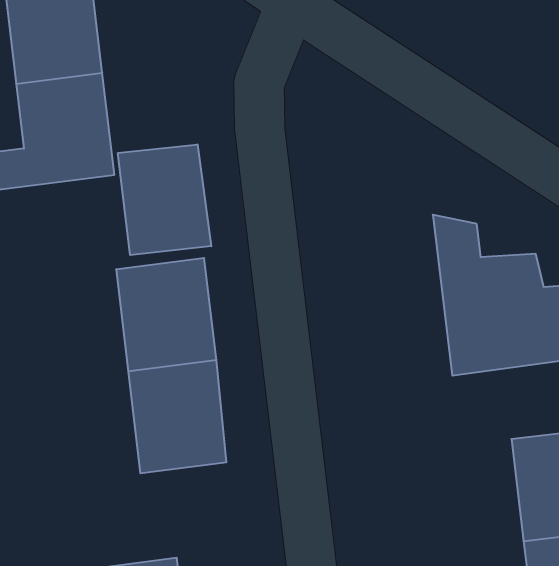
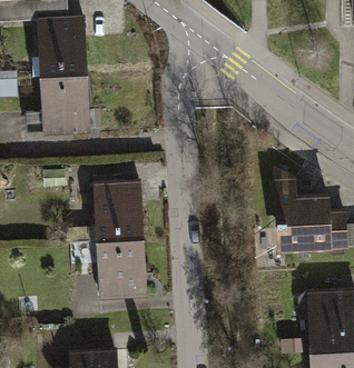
building: [118,144,211,255] -> none

